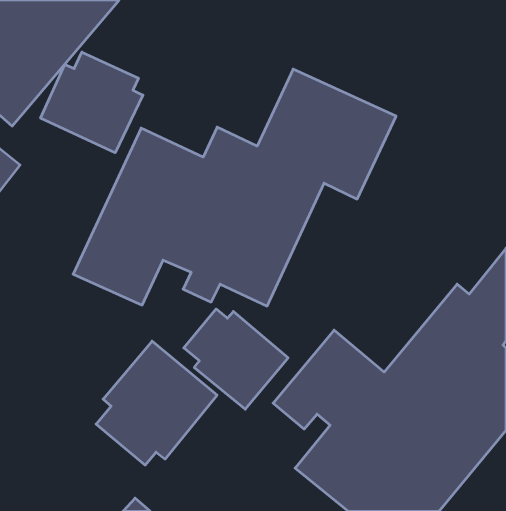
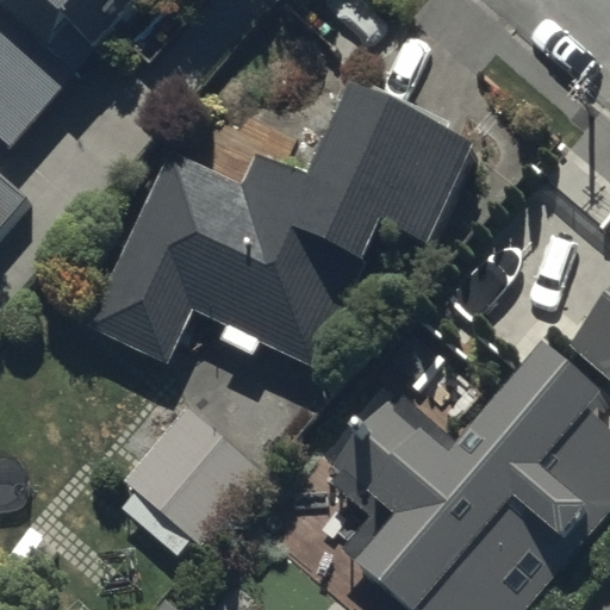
building: [41,52,143,153] -> none
building: [184,309,288,409] -> none

